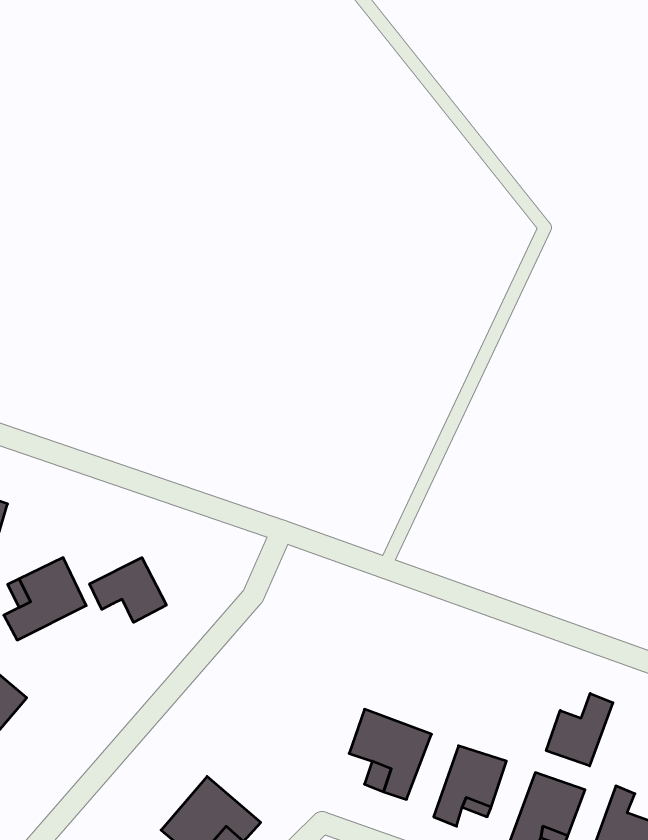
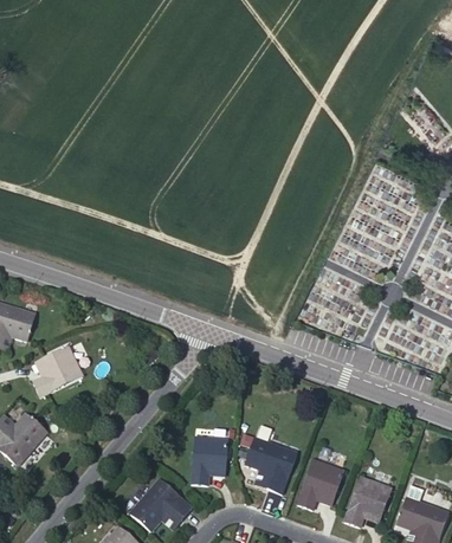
building: [90,558,166,622] -> none
building: [546,693,613,766] -> none
building: none -> [191,437,226,485]

